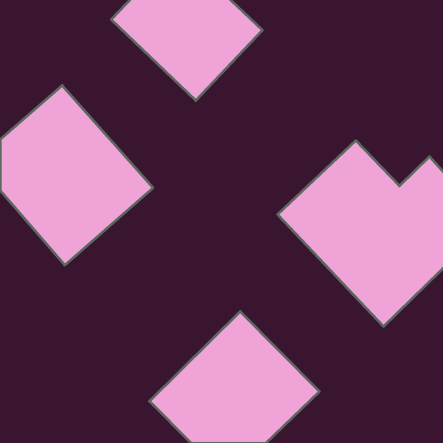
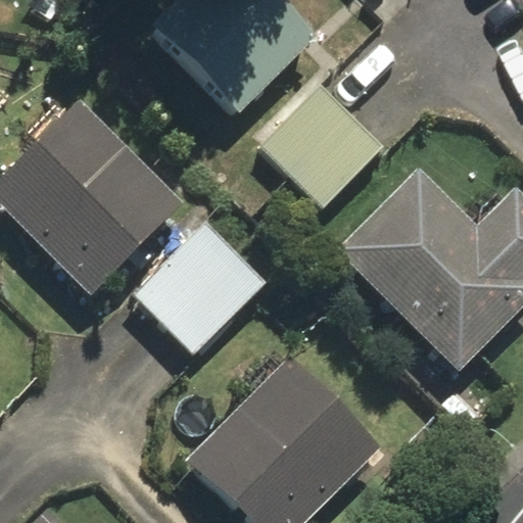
building: none -> [253,70,389,206]
building: none -> [131,217,273,359]

